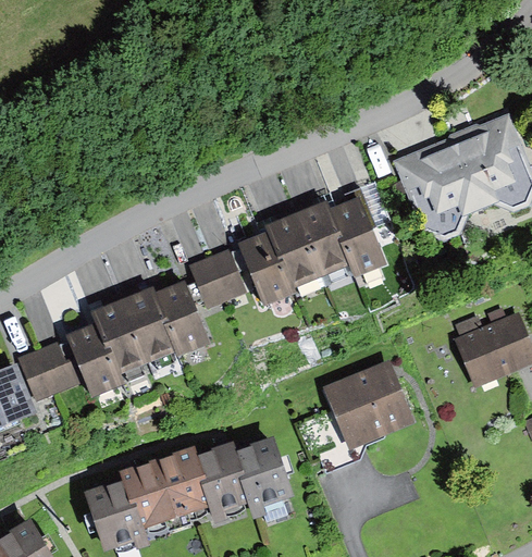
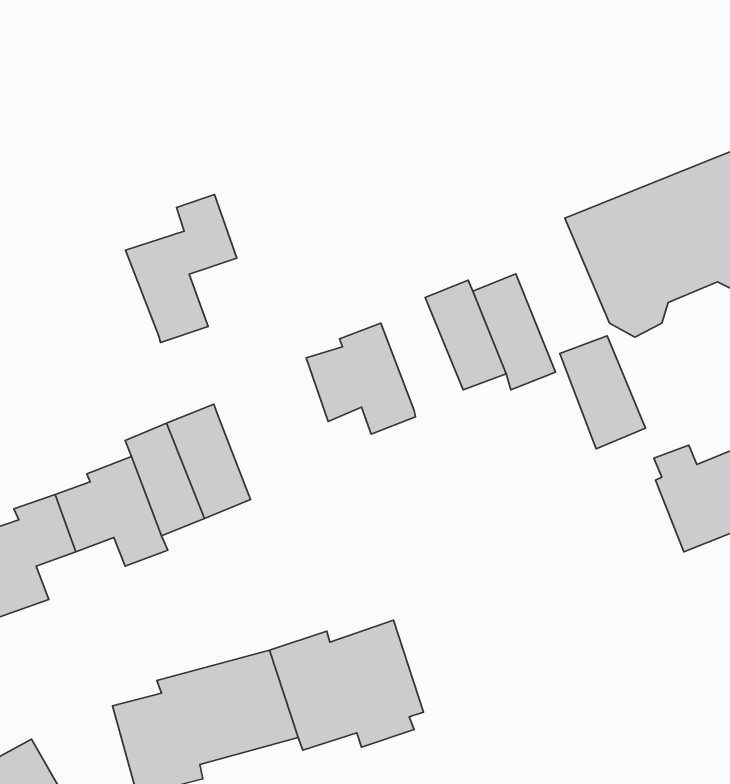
building: [264,212,323,289] -> [560,336,645,449]
building: [154,253,231,355] -> [126,195,237,342]
building: [323,360,416,450] -> none

